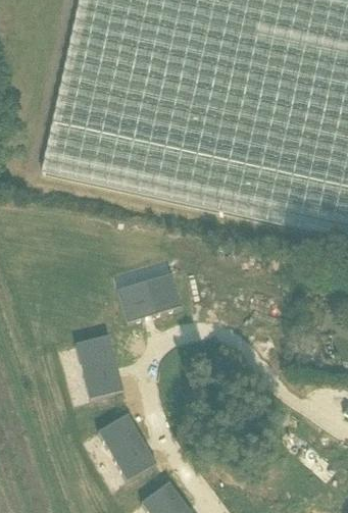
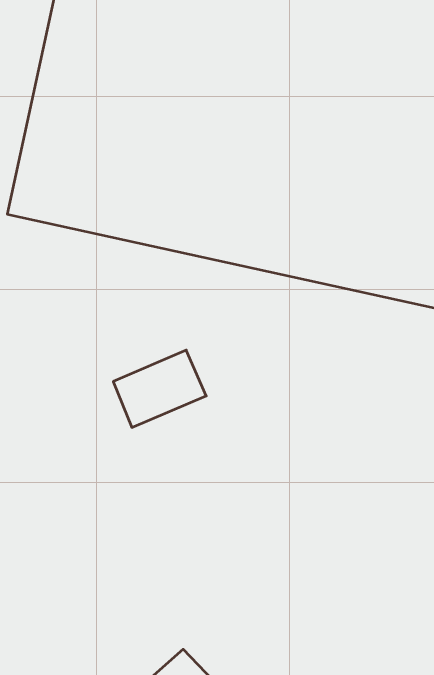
building: [73,332,122,397] -> none
building: [97,412,156,478] -> none

